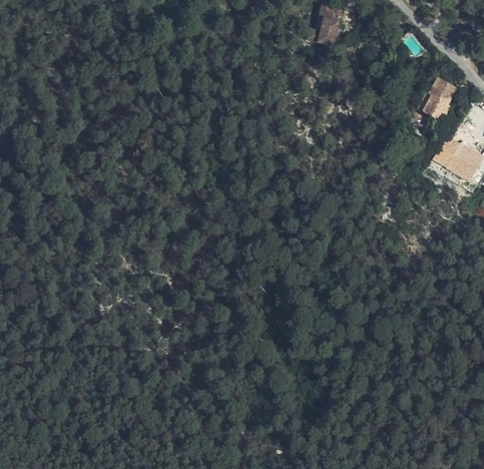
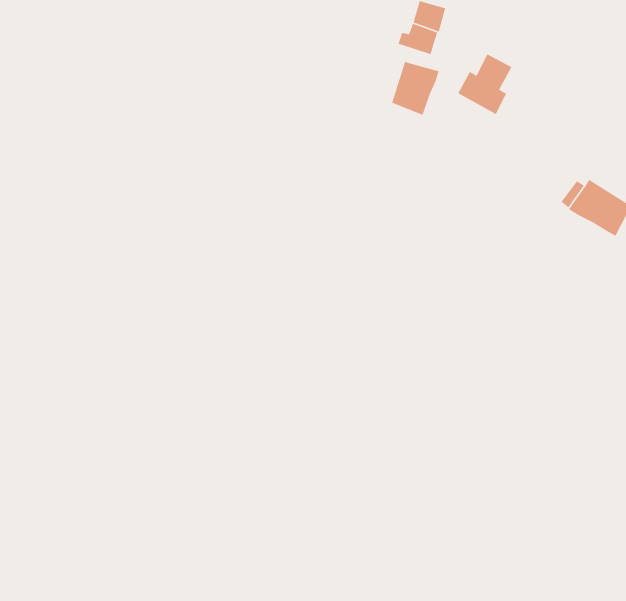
building: none -> [391,61,439,116]
building: [416,77,457,123] -> [457,53,512,115]

